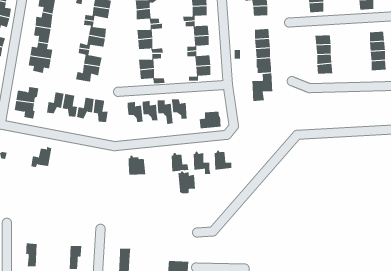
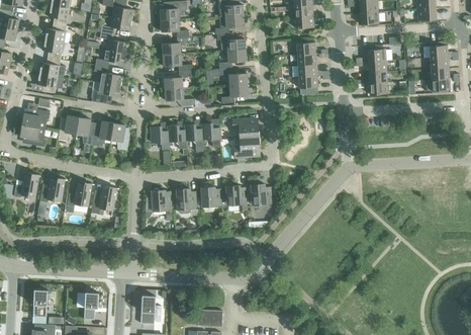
building: [252,73,273,102] -> none
building: none -> [232,118,258,139]
building: none -> [14,174,38,197]
building: none -> [67,183,91,206]
building: none -> [91,187,116,215]
building: [177,171,196,194] -> [176,187,197,214]

